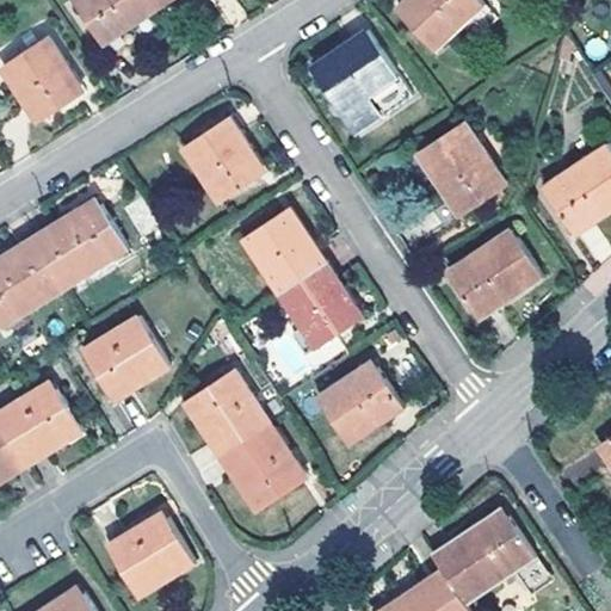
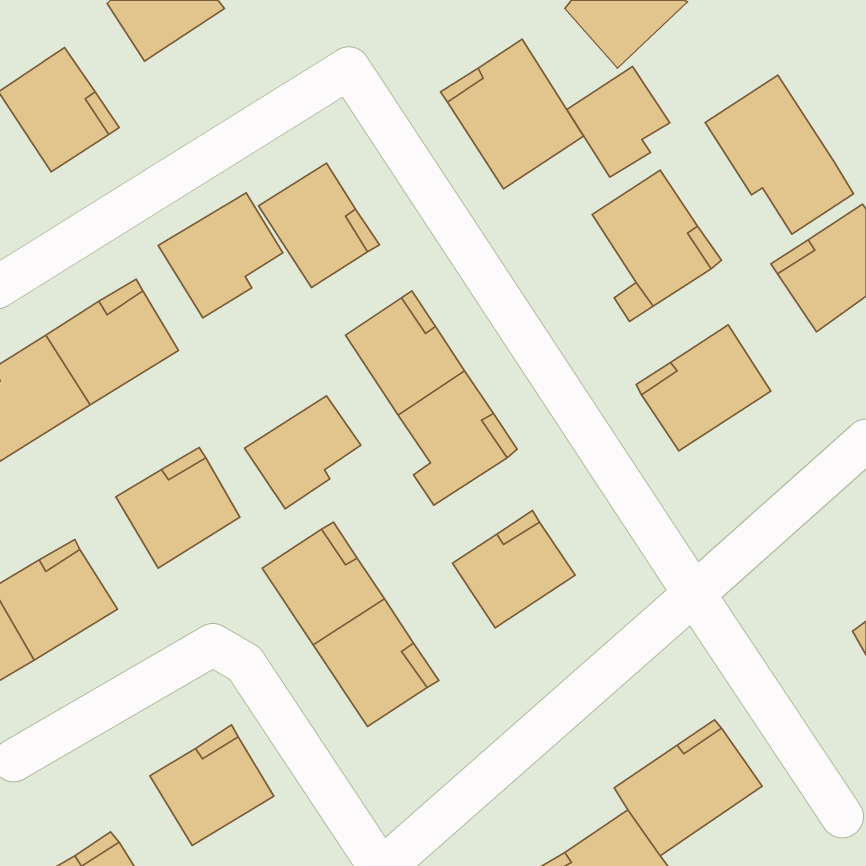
building: none -> [567,67,670,177]
building: none -> [705,75,853,234]
building: none -> [158,193,283,318]
building: none -> [245,396,361,509]

